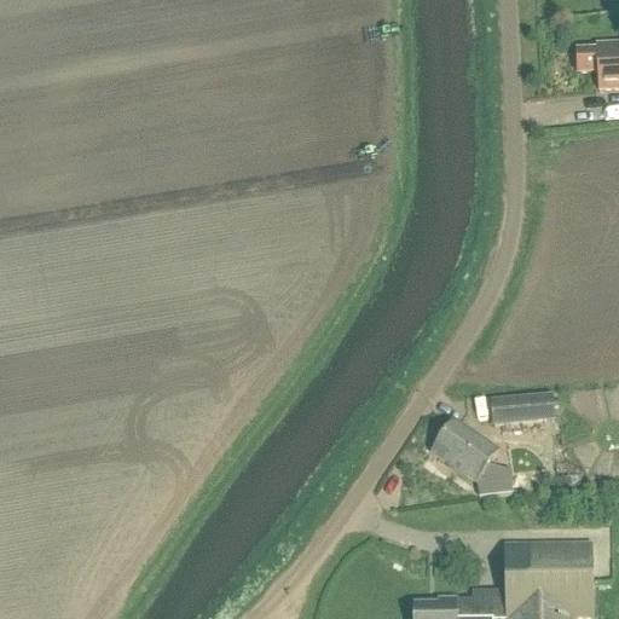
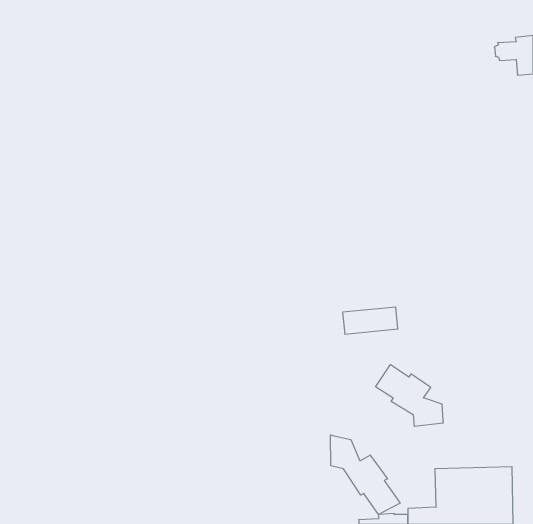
building: [490,391,554,422] -> [343,307,398,334]
building: none -> [330,435,400,515]

